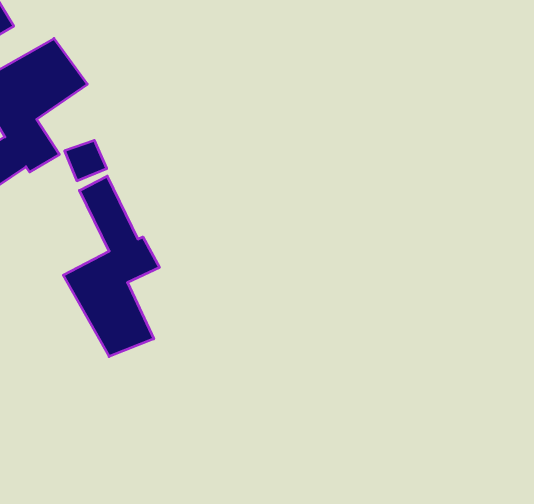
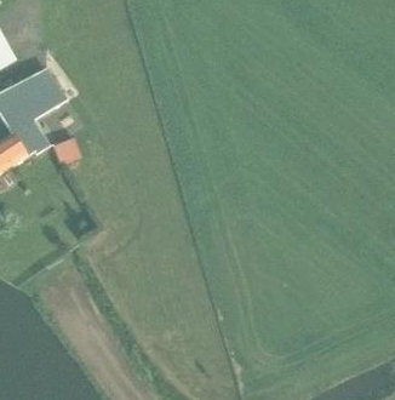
building: [63,176,159,357] -> none

